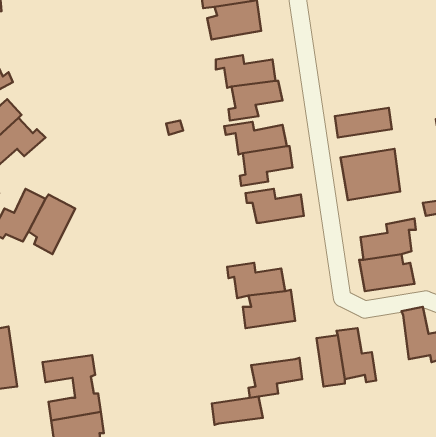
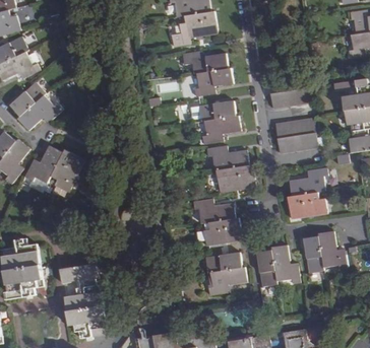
building: none -> [215,163,254,192]
building: none -> [303,235,323,272]
building: [212,396,263,425] -> [204,252,241,272]

